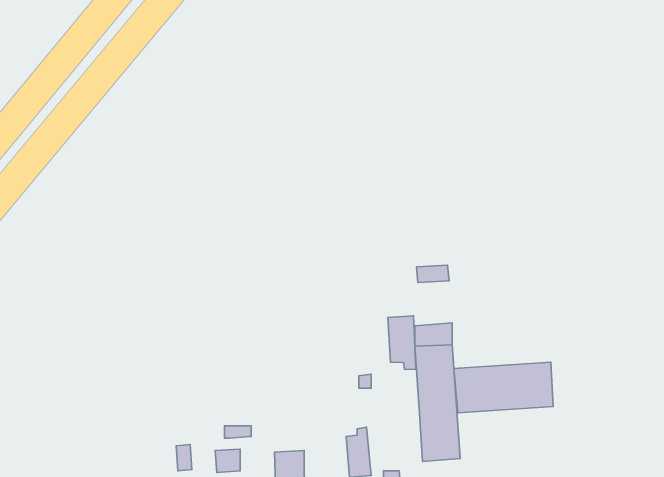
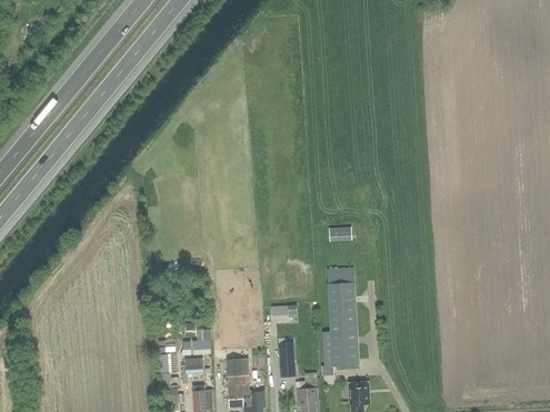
building: [388,316,416,369] -> none
building: [454,362,553,413] -> none

